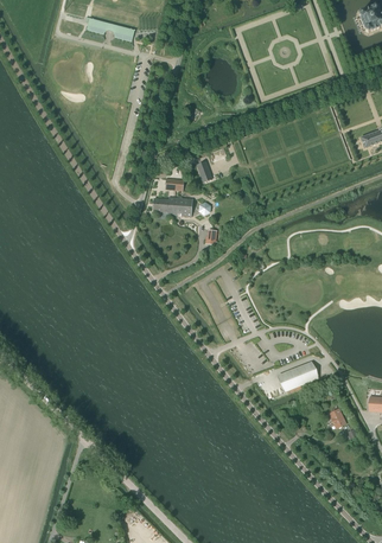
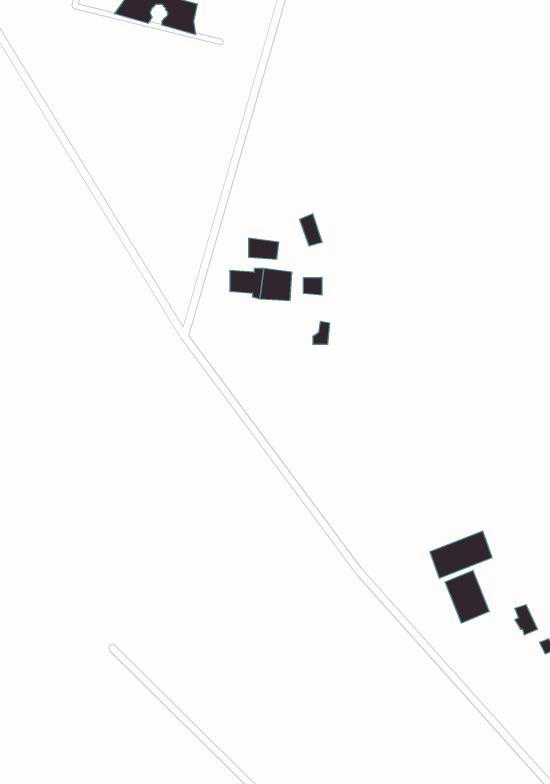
building: none -> [445,570,489,623]

